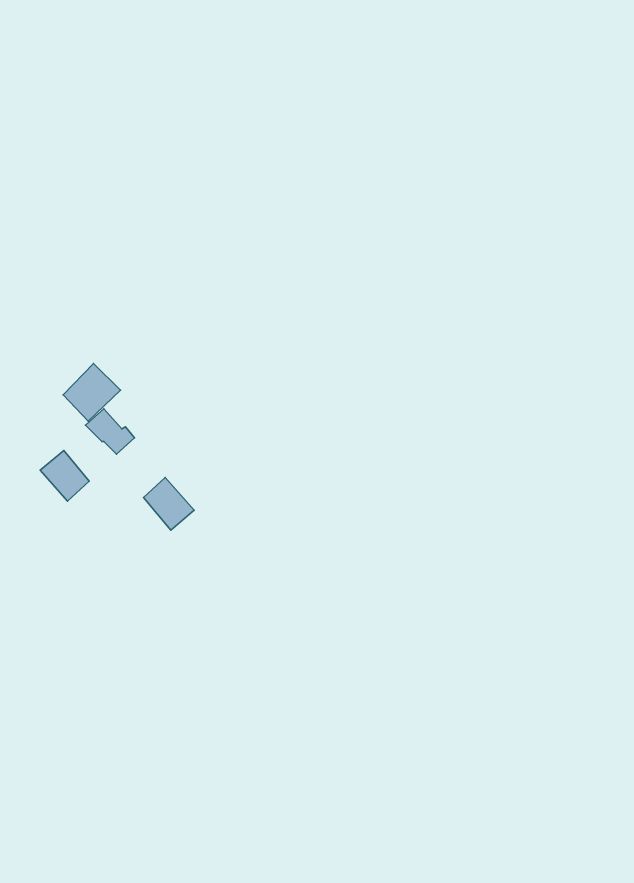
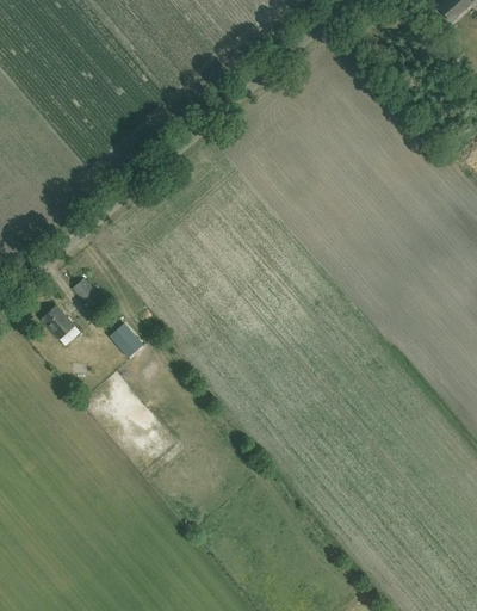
building: [63,363,121,421] -> none

